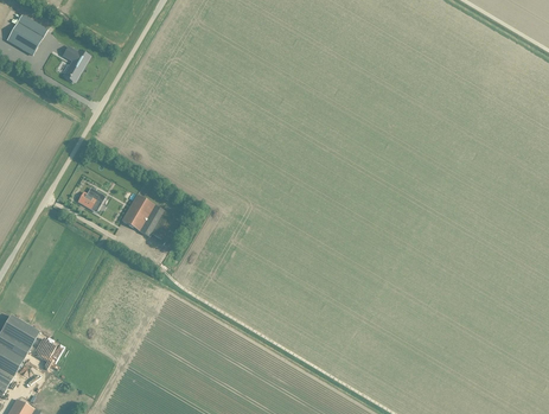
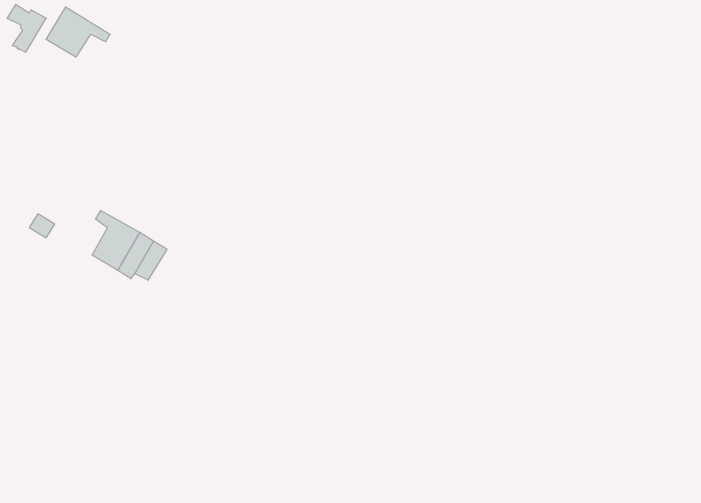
building: none -> [46,7,110,57]

